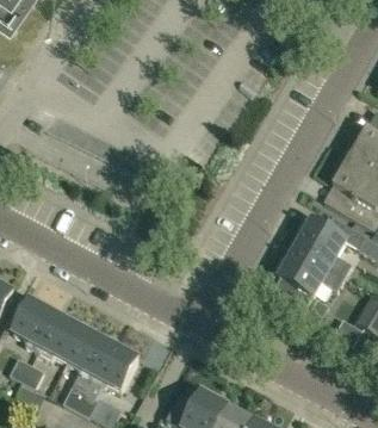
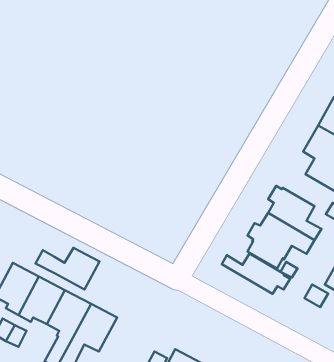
building: none -> [36,248,99,289]
building: none -> [222,254,290,294]

